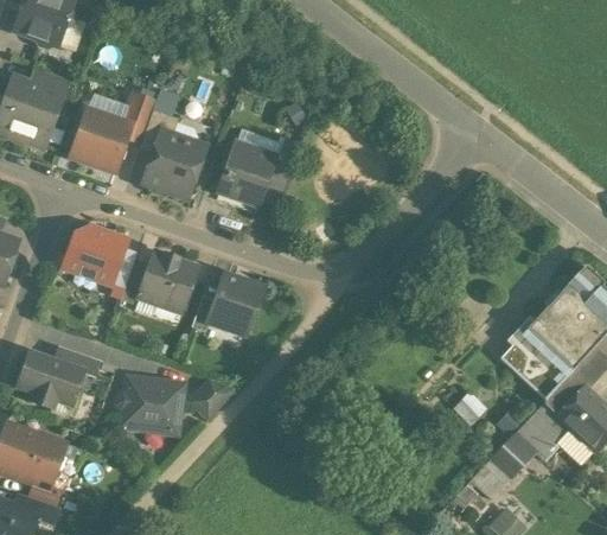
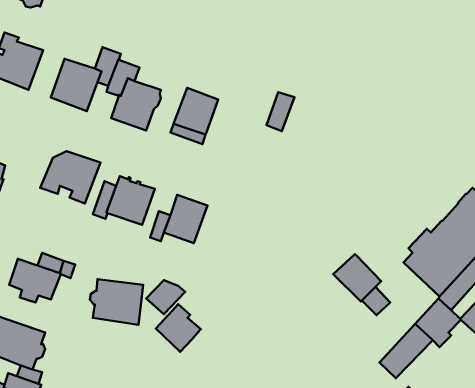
building: [30,66,69,96] -> none
building: [261,157,295,204] -> [266,92,295,131]
building: none -> [333,254,381,302]
building: none -> [156,304,201,352]

